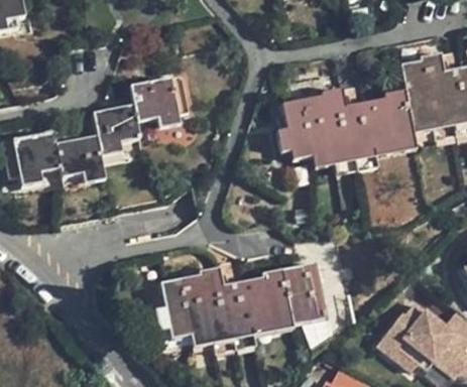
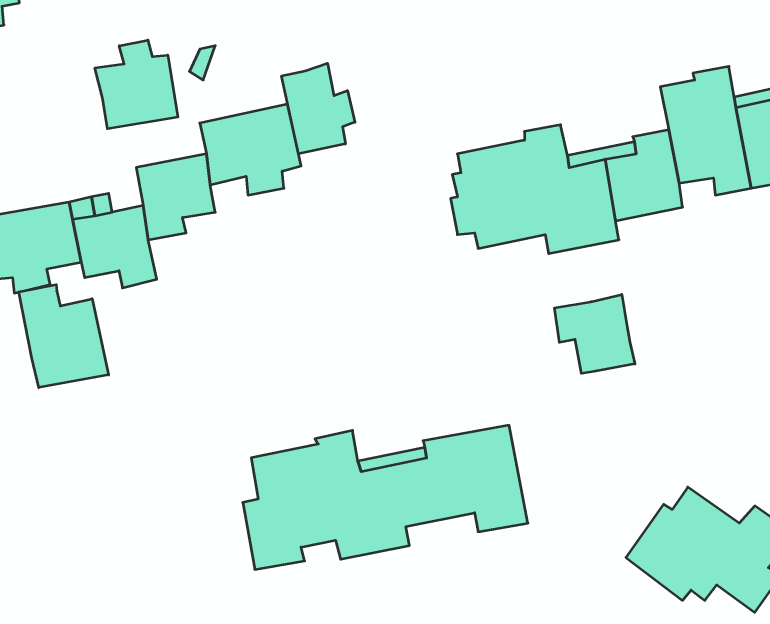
building: none -> [95,40,178,129]
building: none -> [282,63,355,154]
building: none -> [19,285,109,388]
building: none -> [555,294,635,373]

